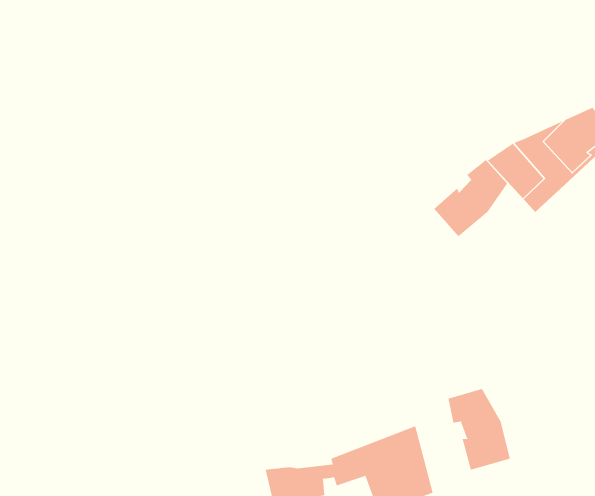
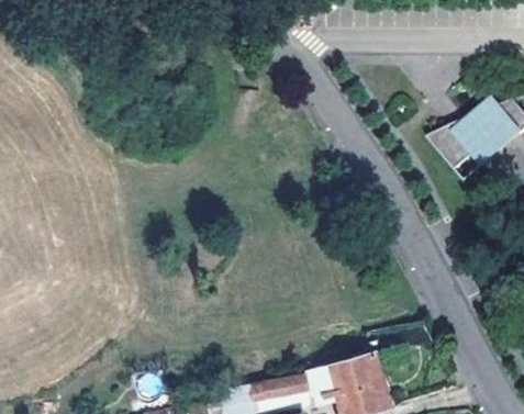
building: [433,159,508,237] -> none
building: [448,388,510,470] -> none

